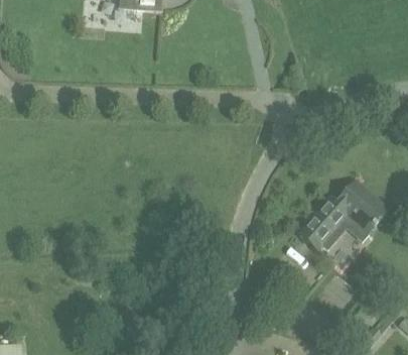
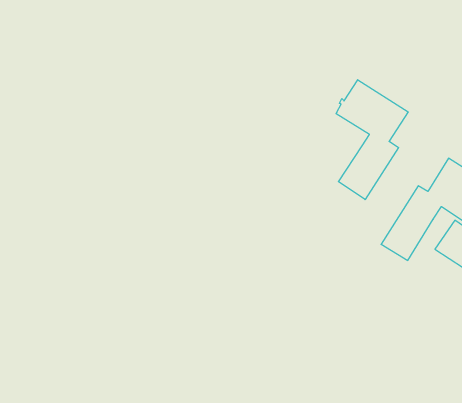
building: none -> [336,80,408,200]

